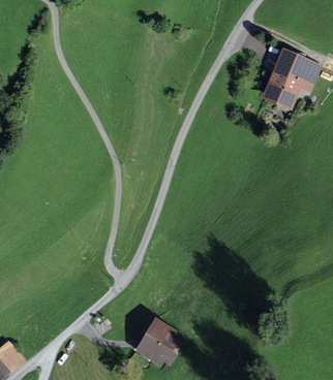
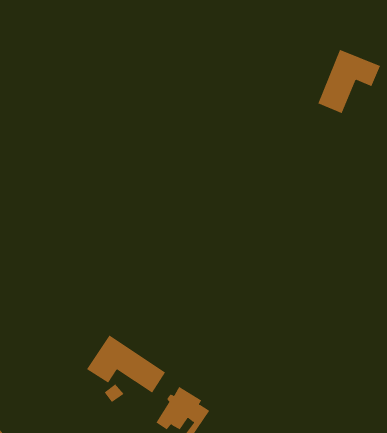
building: none -> [86,334,166,393]

